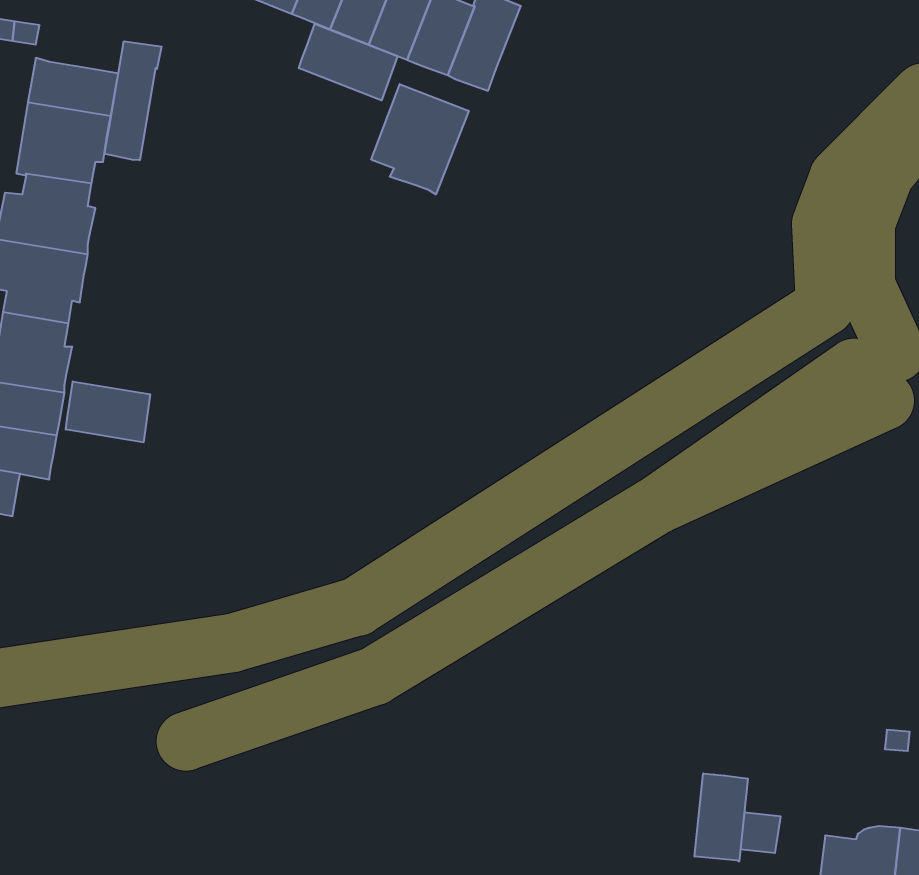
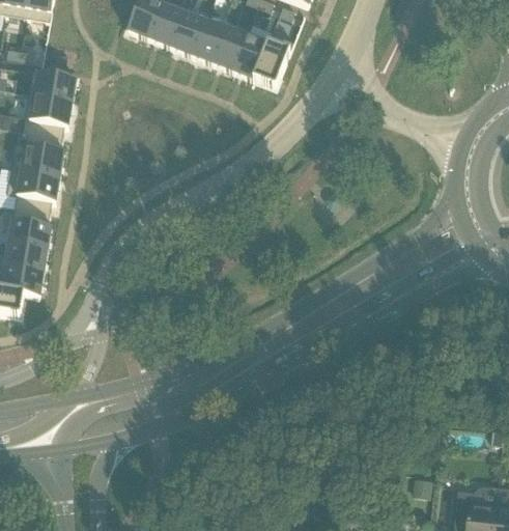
building: [299,24,398,100] -> none
building: [104,41,162,160] -> none
building: [371,84,469,194] -> none
building: [66,381,150,442] -> none
building: [695,773,748,862] -> none

